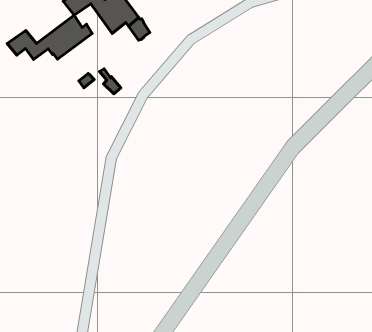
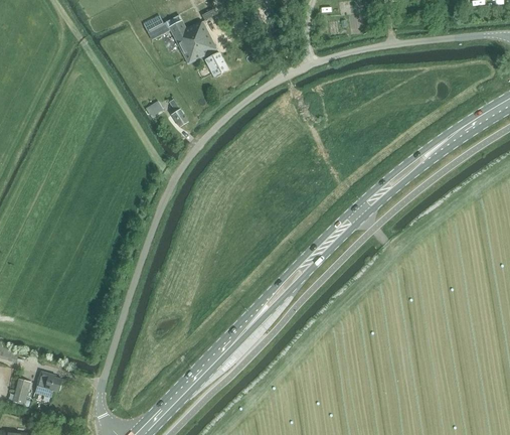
building: [7,15,92,59] -> none

